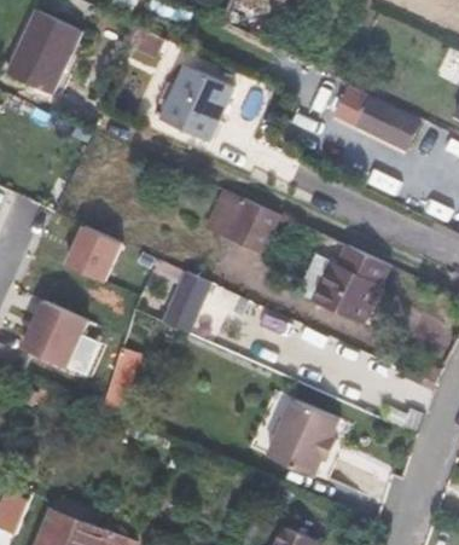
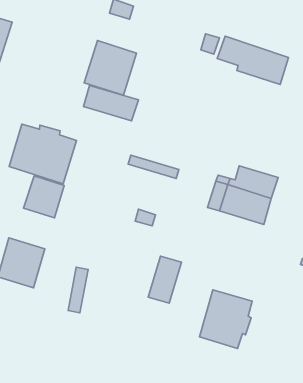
building: none -> [9,124,77,184]
building: [209,191,279,242] -> [84,85,139,121]
building: [158,271,205,331] -> [148,256,181,303]

